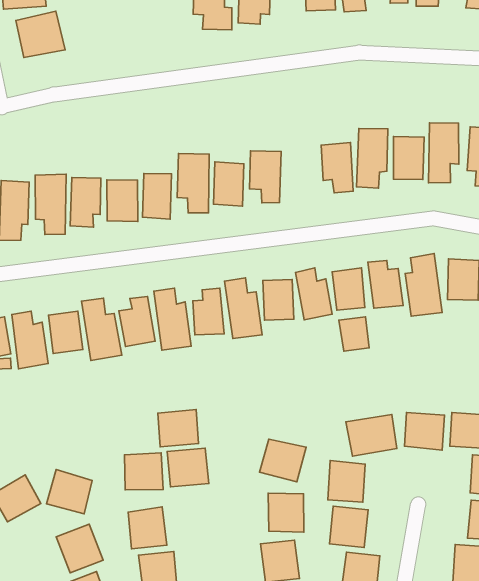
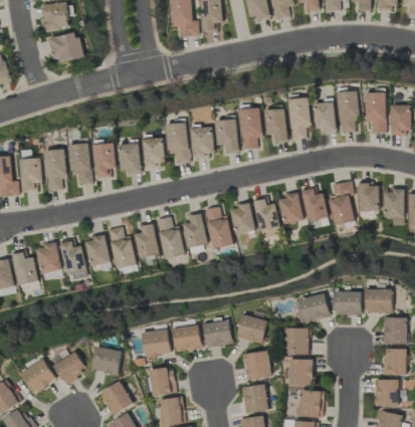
building: none -> [241,109,261,149]
building: [339,317,369,351] -> none
building: [158,410,198,447] -> [203,321,232,348]

